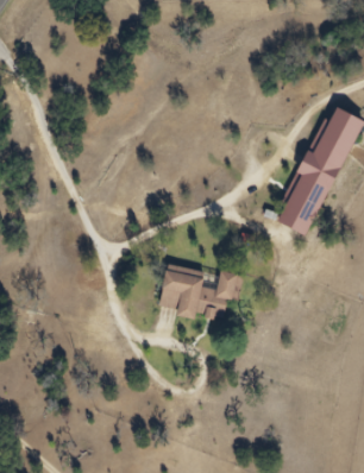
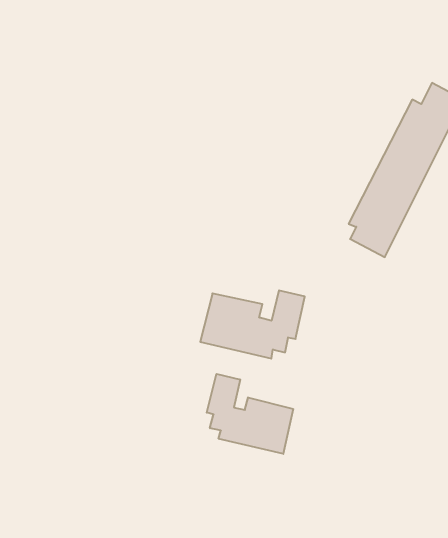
building: none -> [207,374,293,454]

